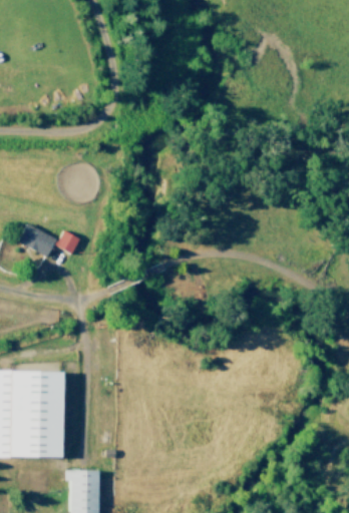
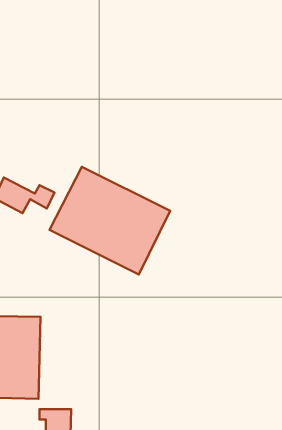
building: none -> [49,167,170,274]

